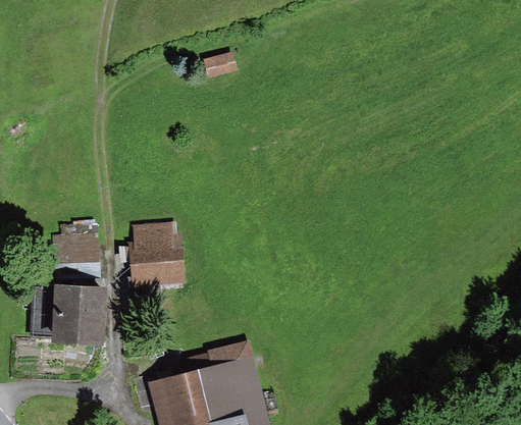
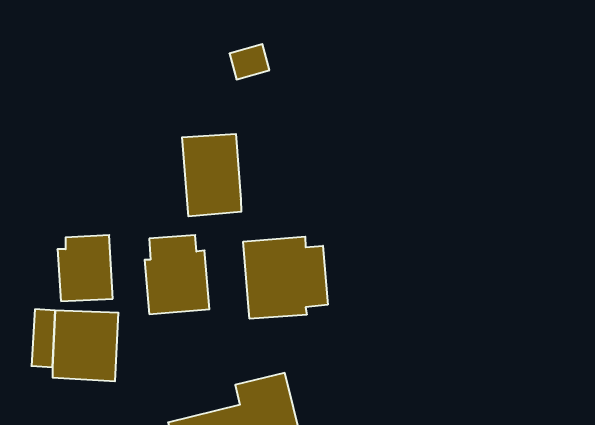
building: none -> [182,134,241,216]
building: none -> [243,237,328,319]

